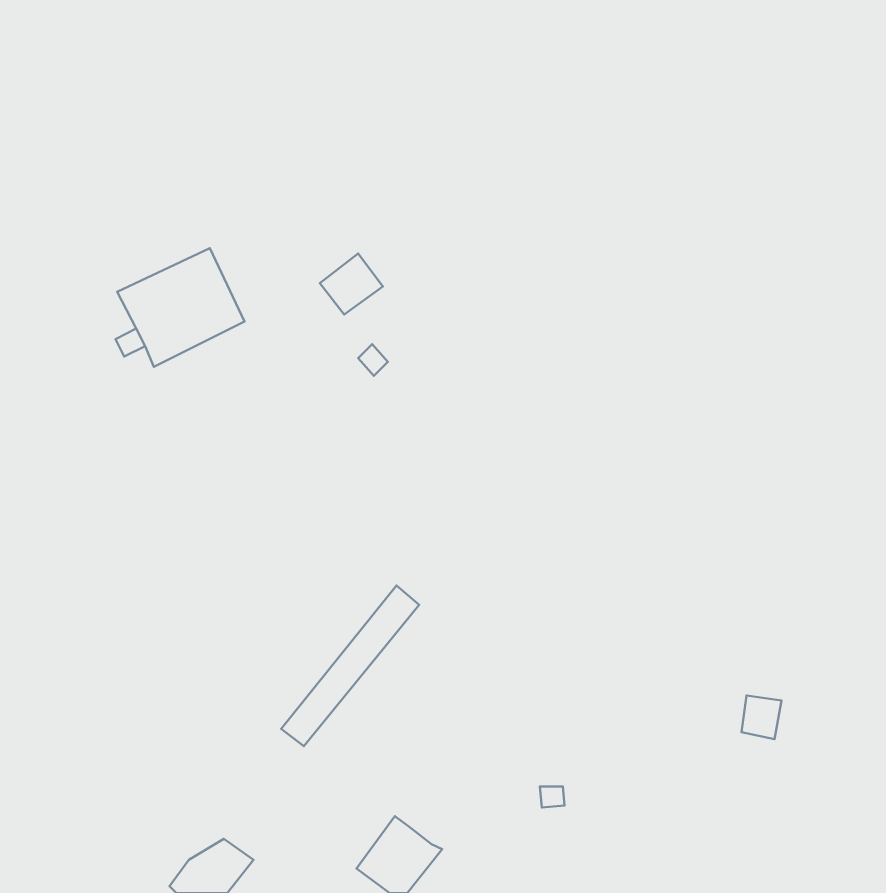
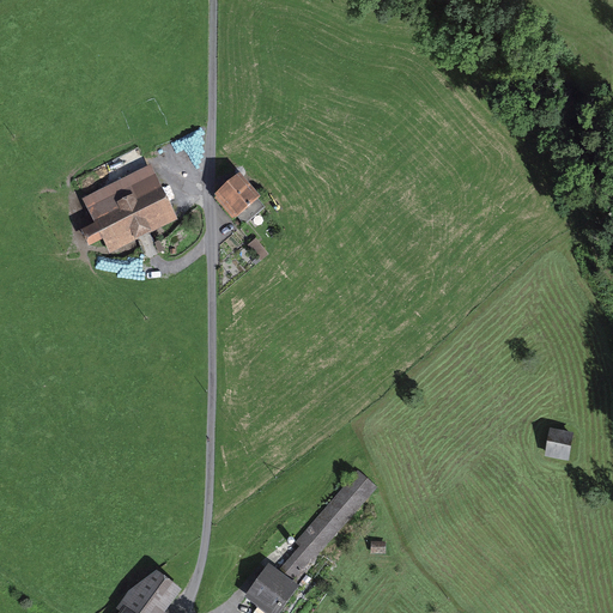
building: [281,586,419,746] -> [280,468,375,578]
building: [741,695,782,739] -> [547,427,575,457]

